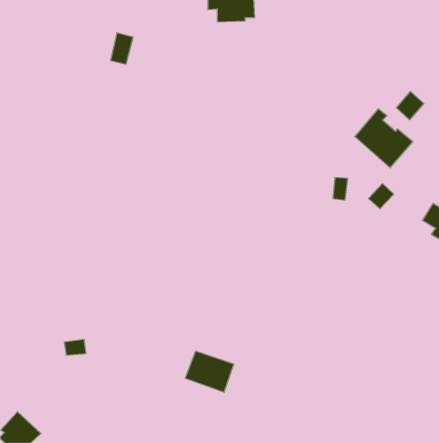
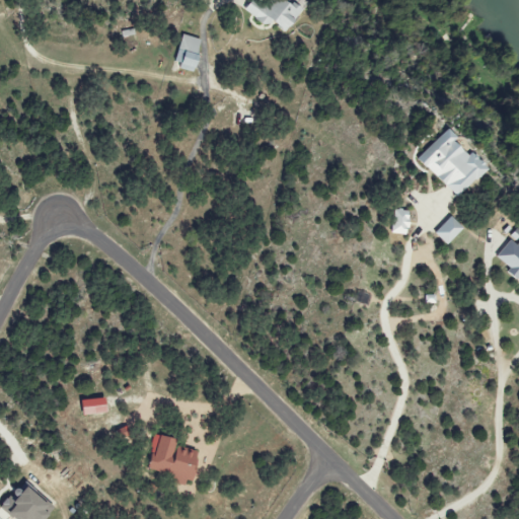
building: [111,33,133,64] -> [177,32,204,69]
building: [396,92,424,120] -> none
building: [185,351,234,392] -> [144,435,201,483]

